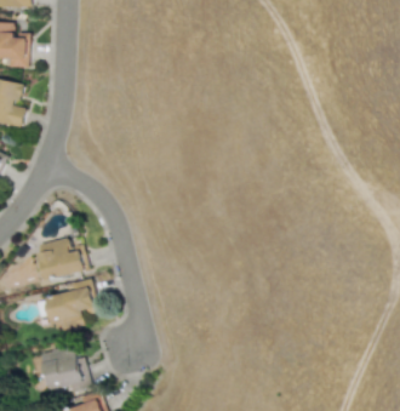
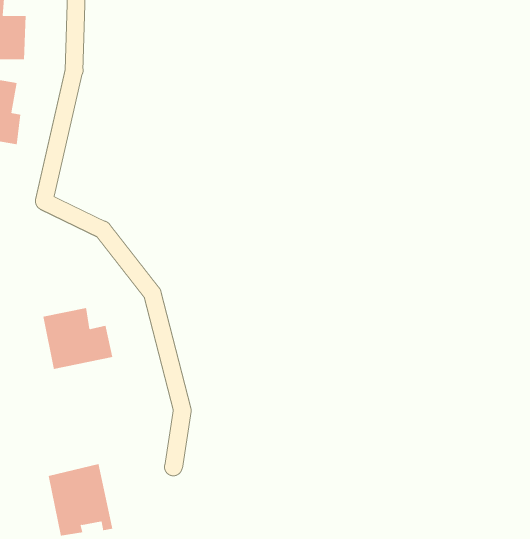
building: [47,278,96,331] -> none

